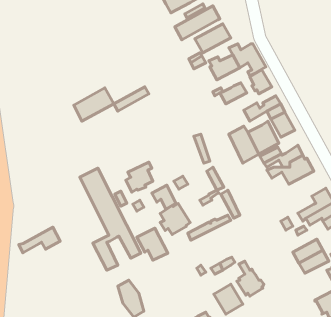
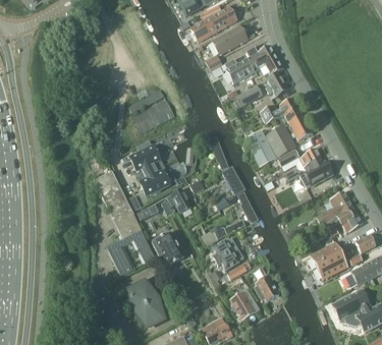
building: [74,88,114,121] -> [133,98,174,131]
building: none -> [131,140,164,175]
building: [160,203,190,235] -> [213,238,243,270]
building: [19,227,60,253] -> none

